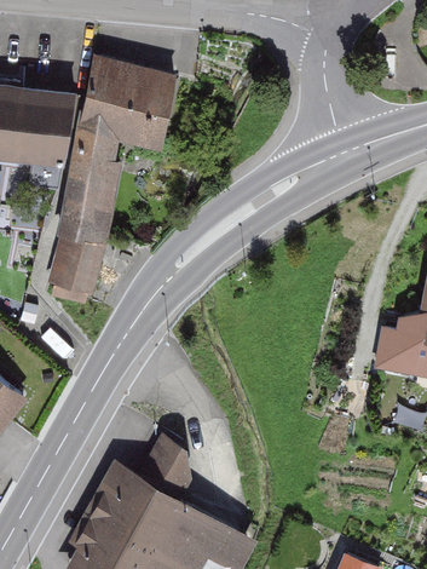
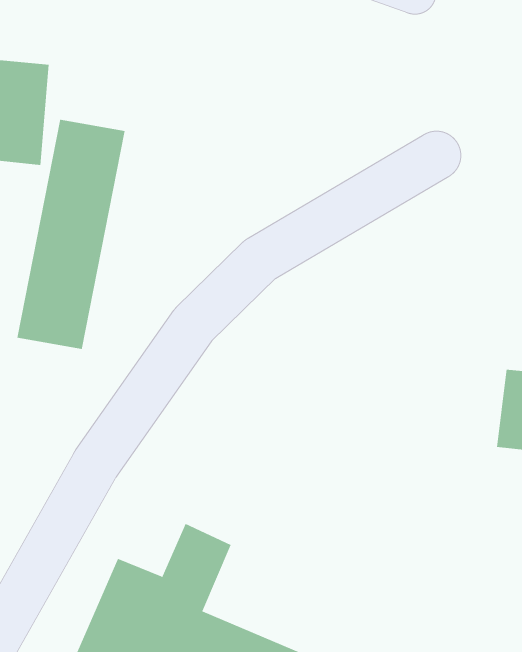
building: [74,57,177,150] -> none

